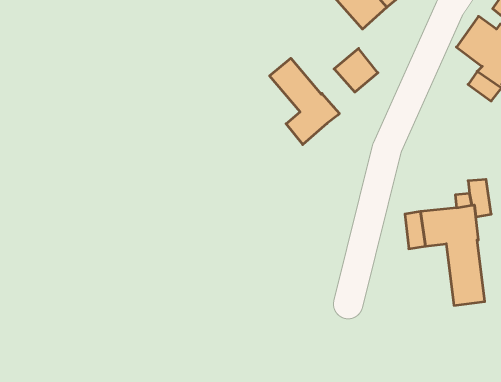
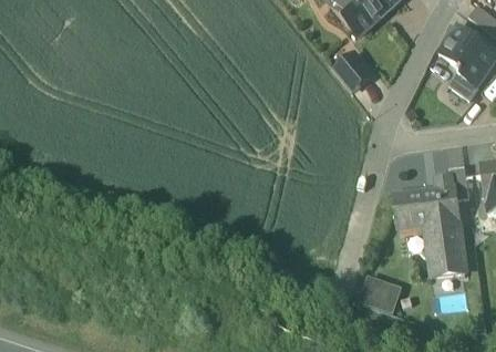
building: [270,58,339,145] -> none
building: none -> [358,272,401,311]

